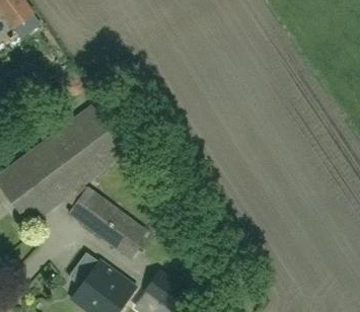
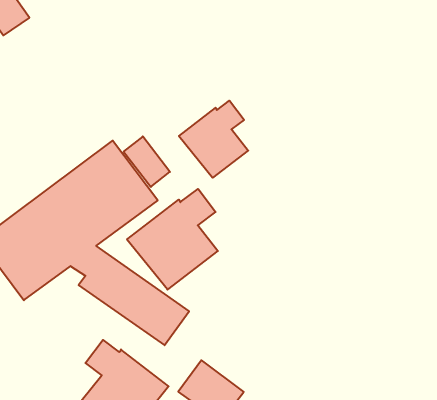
building: none -> [179,101,248,178]
building: none -> [127,189,218,290]

